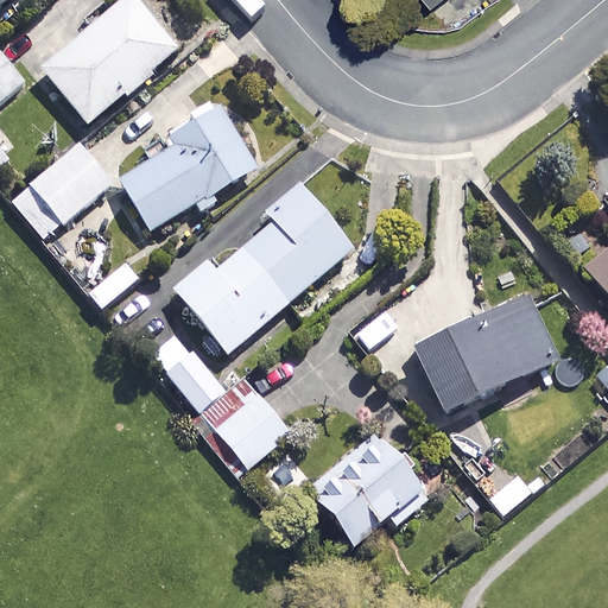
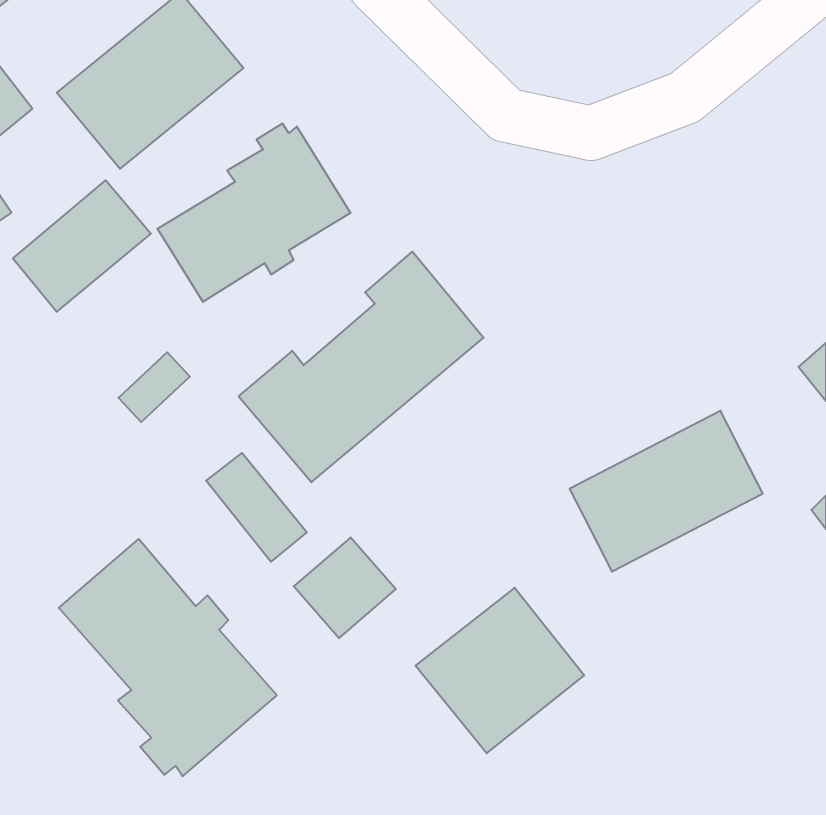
building: none -> [59,539,277,776]

